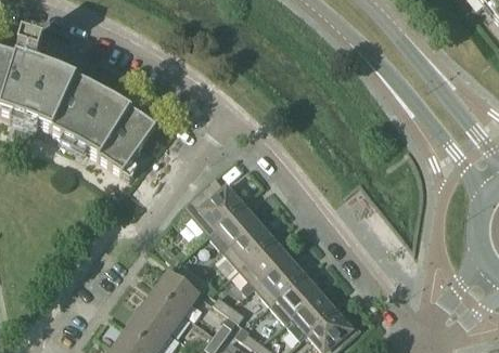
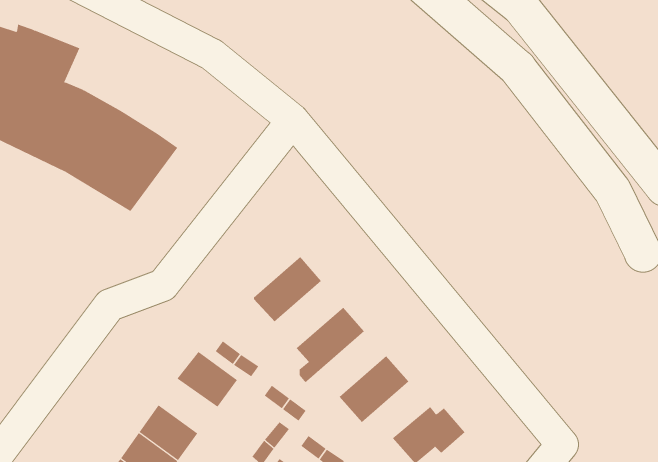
building: [183,182,243,233] -> none
building: [225,221,273,269] -> none
building: [255,257,304,303] -> none
building: [142,290,184,329] -> none
building: [286,292,335,339] -> none

